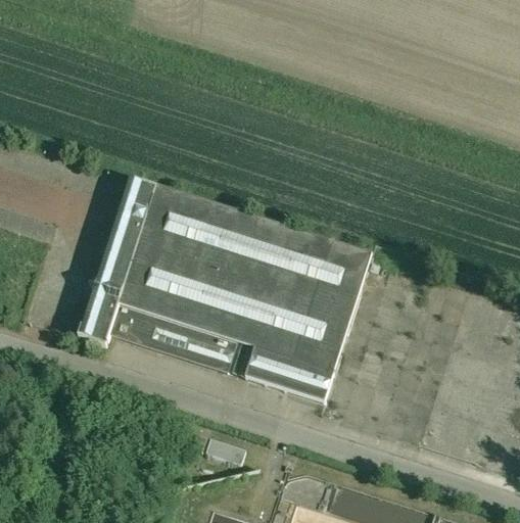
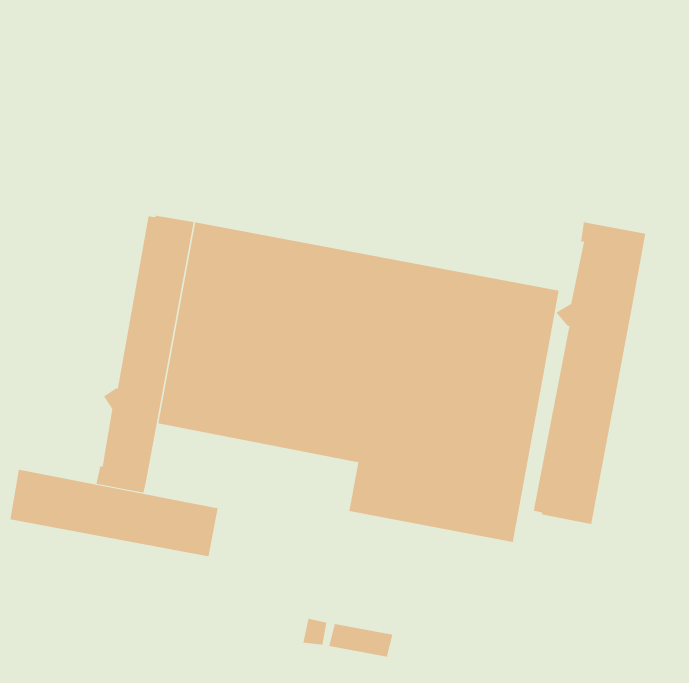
building: none -> [533,222,646,525]
building: [109,302,236,370] -> [9,469,218,557]

